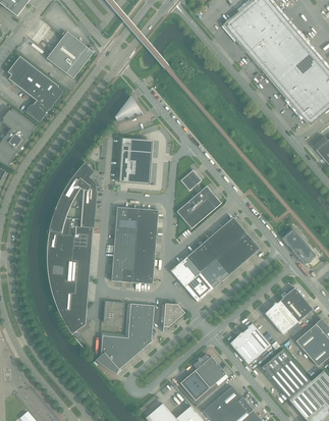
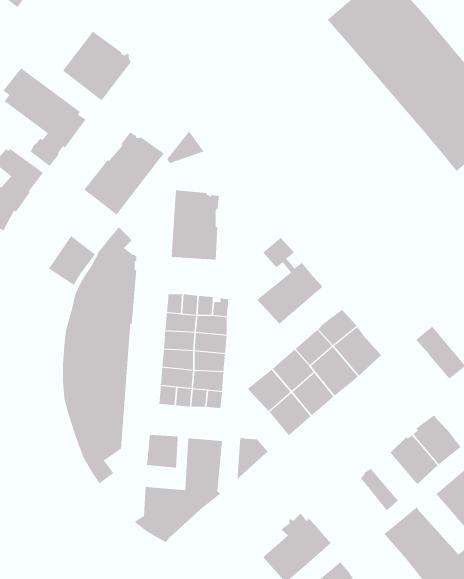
building: none -> [84,131,164,215]
building: none -> [48,235,96,286]
building: [230,330,263,364] -> none

